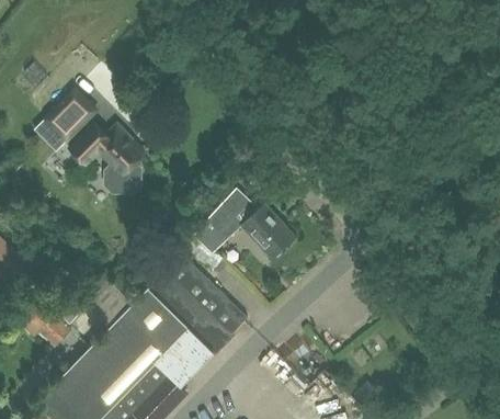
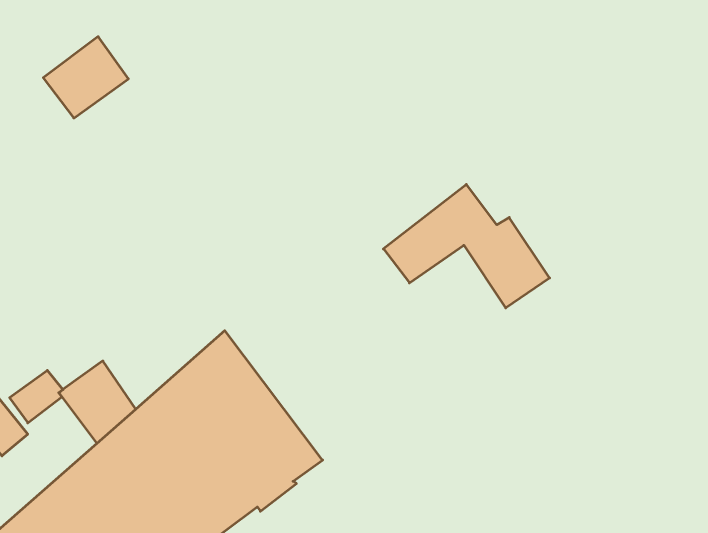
building: [69,123,143,194] -> none
building: [193,190,294,259] -> [383,184,550,308]

